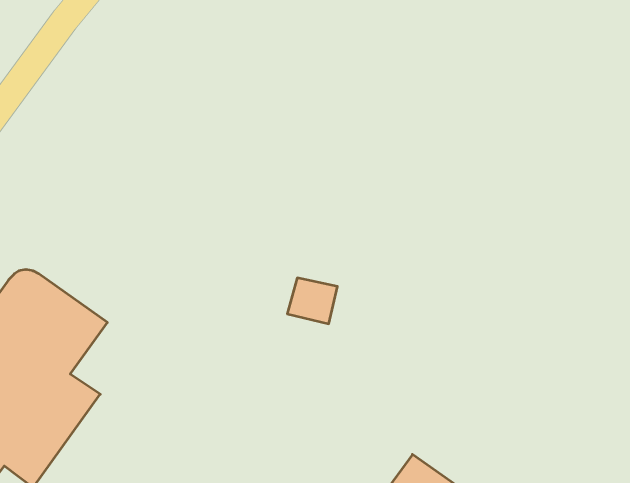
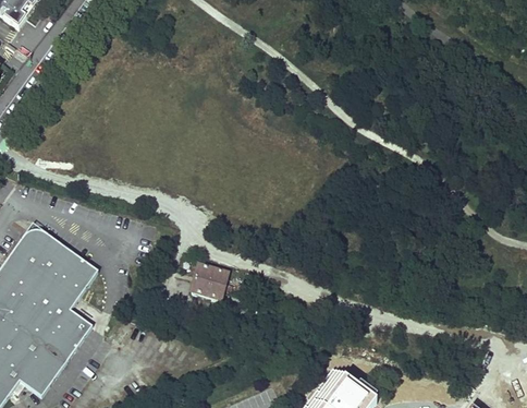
building: [287,278,337,324] -> [189,262,228,297]

